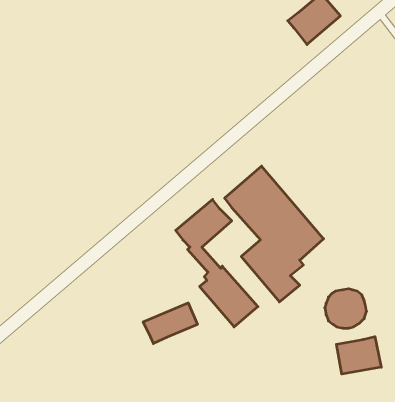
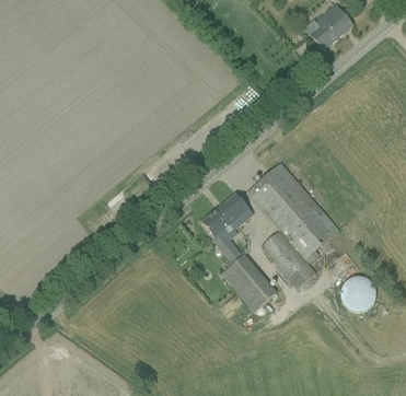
building: [143,303,197,344] -> none
building: [336,337,381,374] -> none

